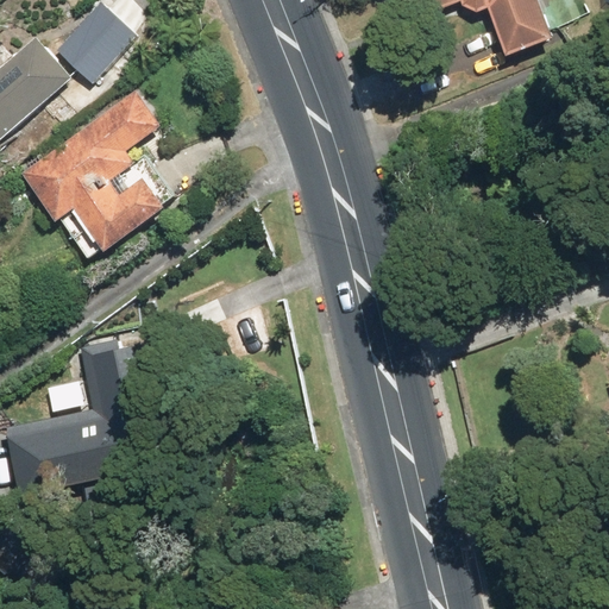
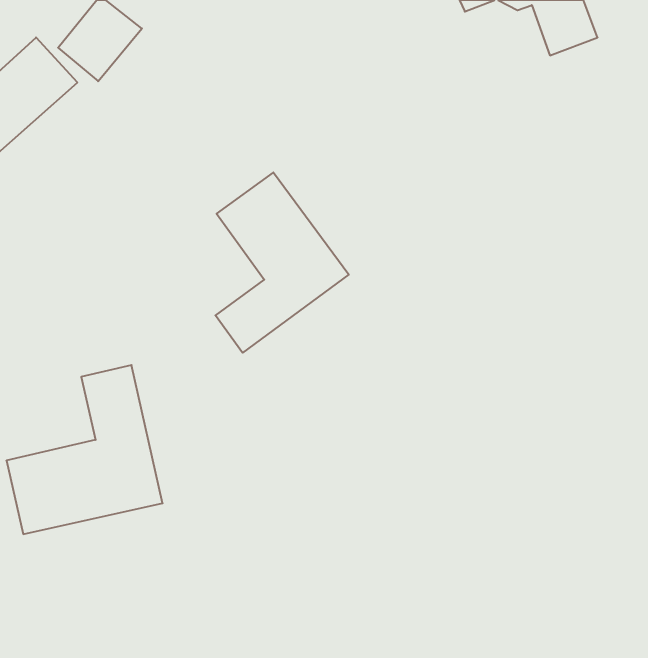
building: [19,90,169,260] -> none
building: none -> [215,172,349,353]

